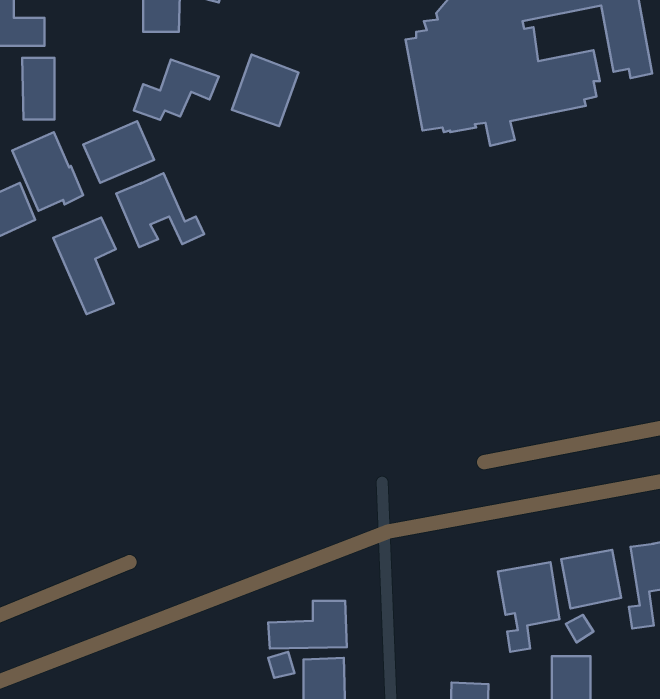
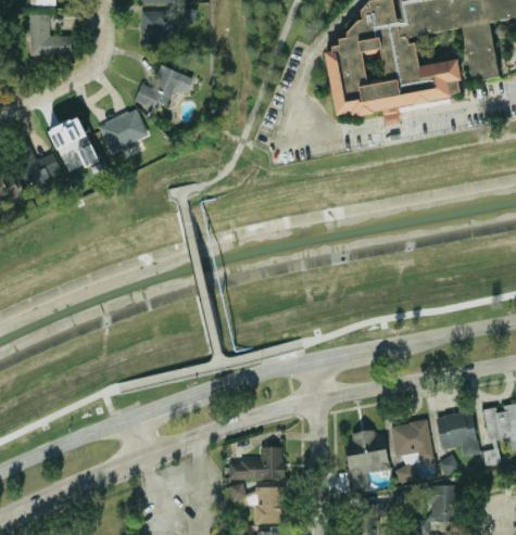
building: [232,54,298,126] -> none
building: [22,58,54,119] -> none
building: [116,173,204,247] -> none
building: [53,218,116,314] -> none
building: none -> [343,429,389,492]

